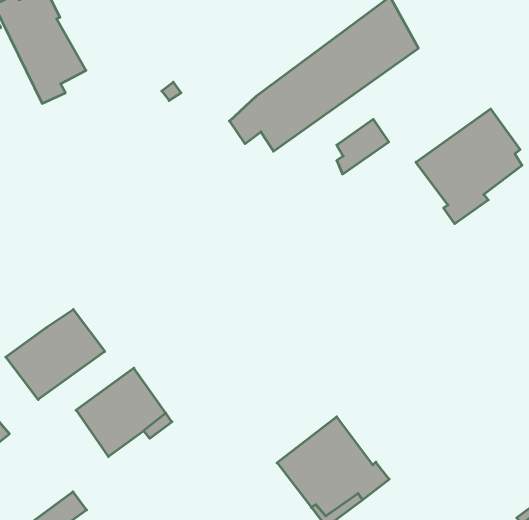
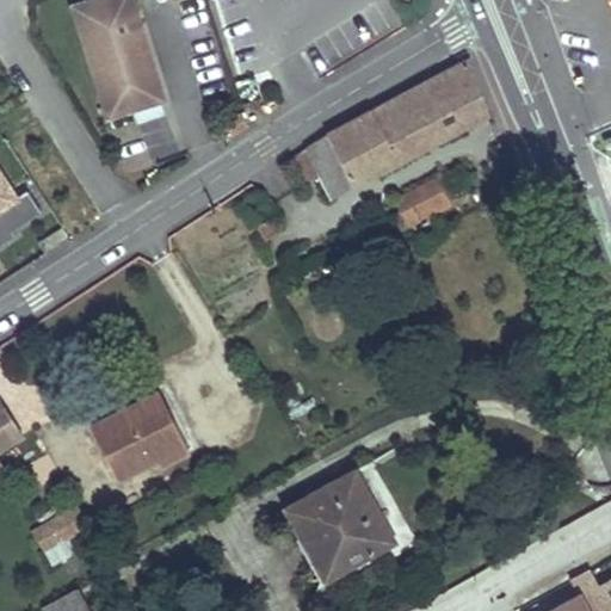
building: [416,109,522,224] -> none
building: [6,309,105,400] -> none

